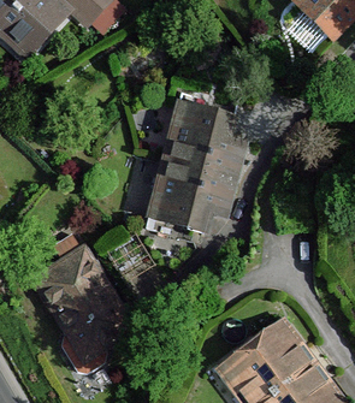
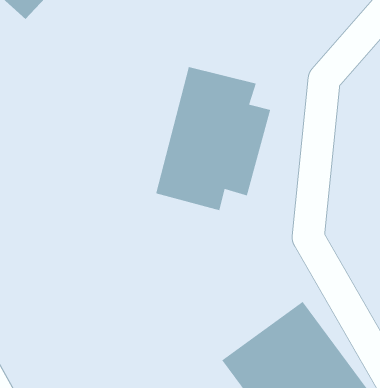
building: [28,241,141,366] -> none

